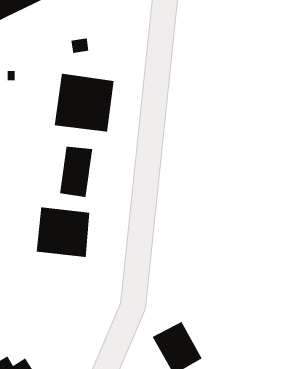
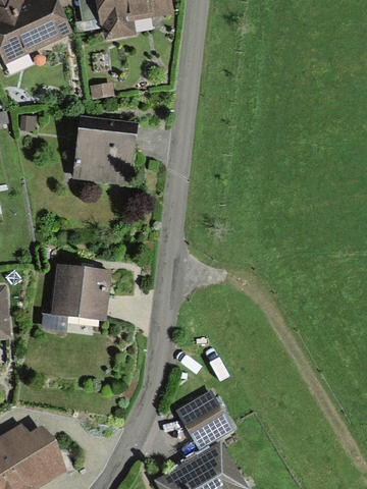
building: [60,146,93,198] -> none

